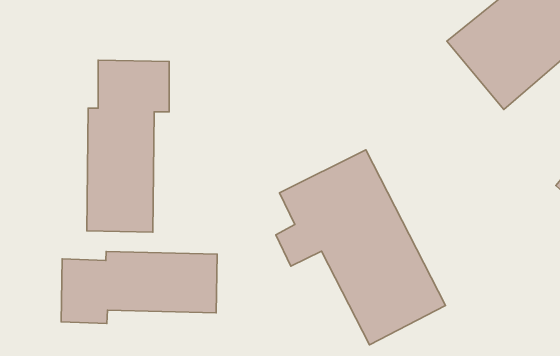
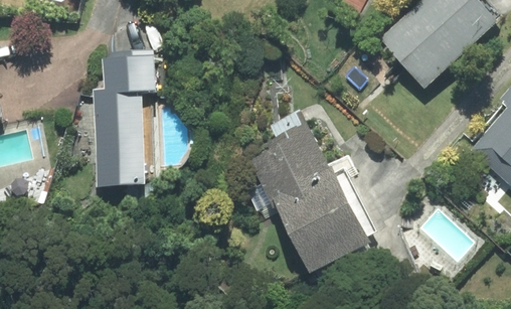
building: [61,251,217,324] -> none

